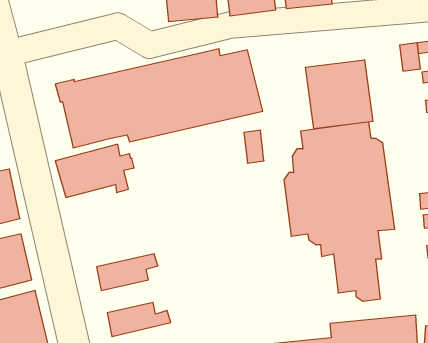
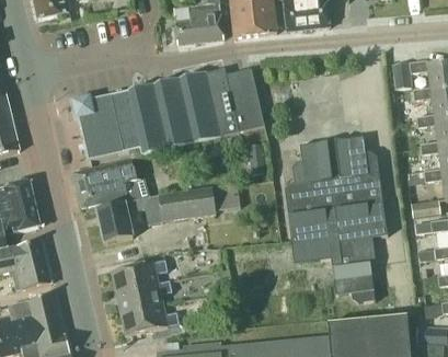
building: [305,60,373,129] -> none
building: none -> [96,181,255,243]
building: none -> [115,279,172,313]

